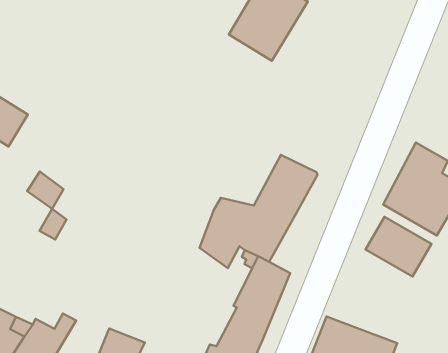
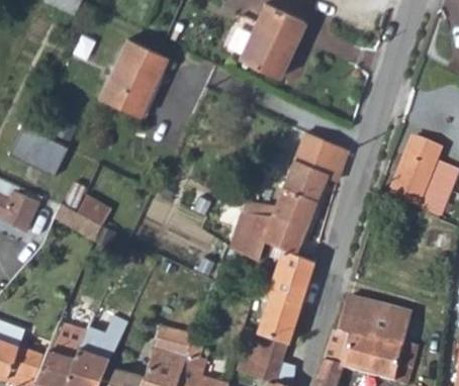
building: none -> [101,44,167,120]
building: none -> [294,132,348,178]
building: [366,217,432,277] -> none

